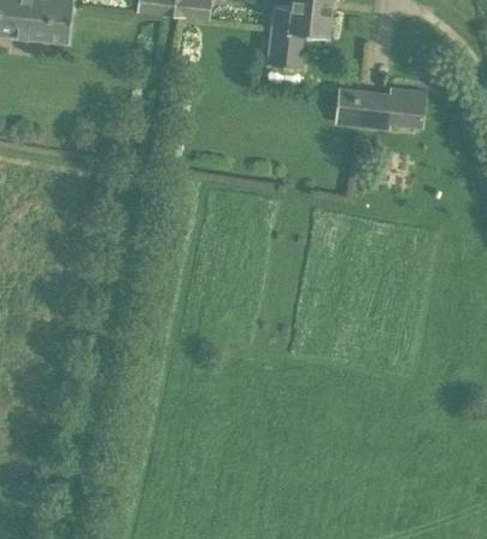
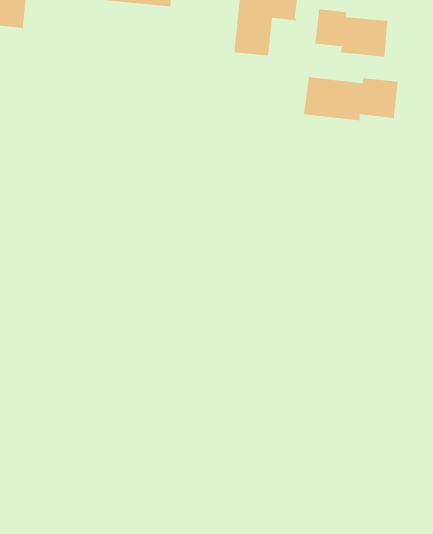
building: none -> [315,8,388,57]

